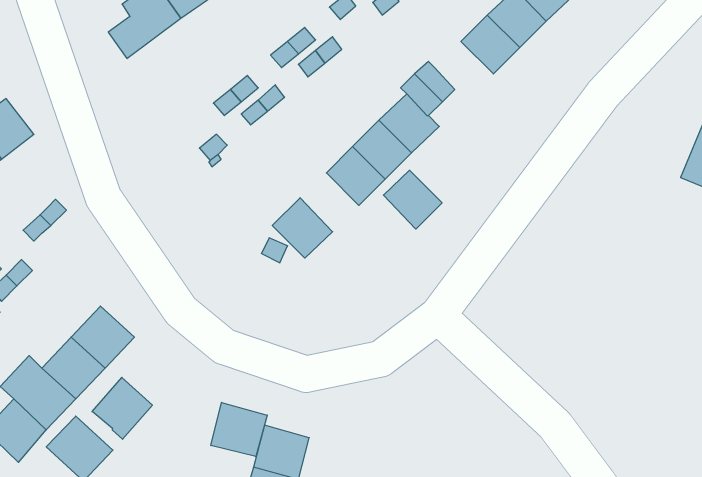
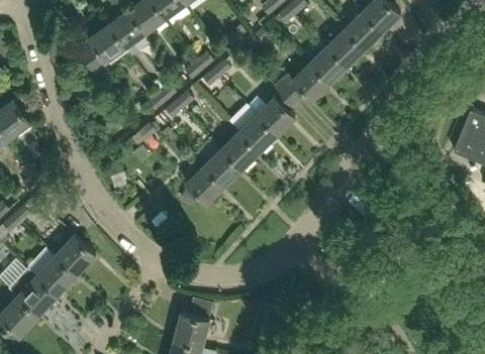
building: none -> [292,63,330,101]
building: [383,170,442,229] -> [204,148,242,187]
building: [92,377,152,439] -> none
building: [211,402,267,457] -> none

